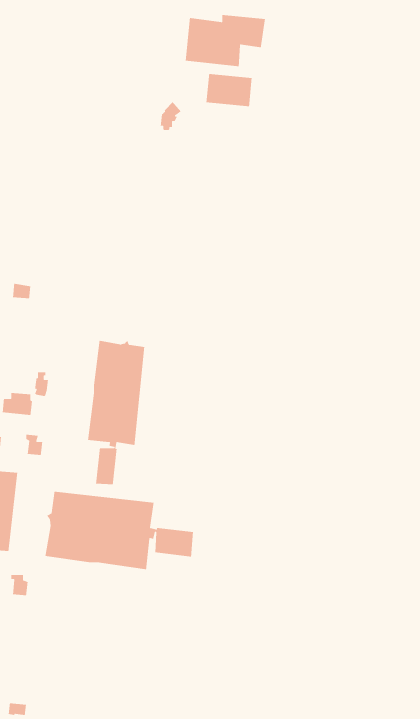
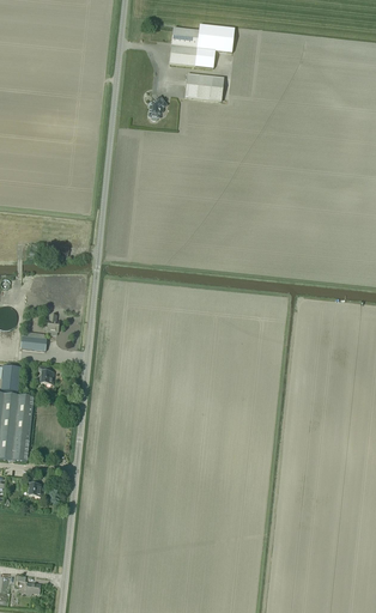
building: [87,340,145,485] -> none
building: [45,491,194,570] -> none

